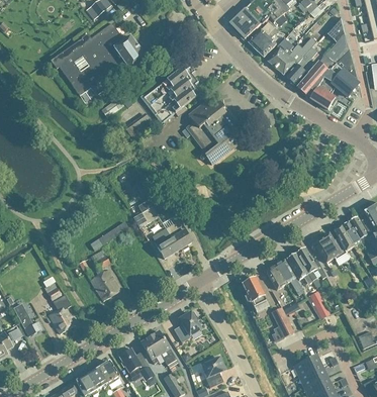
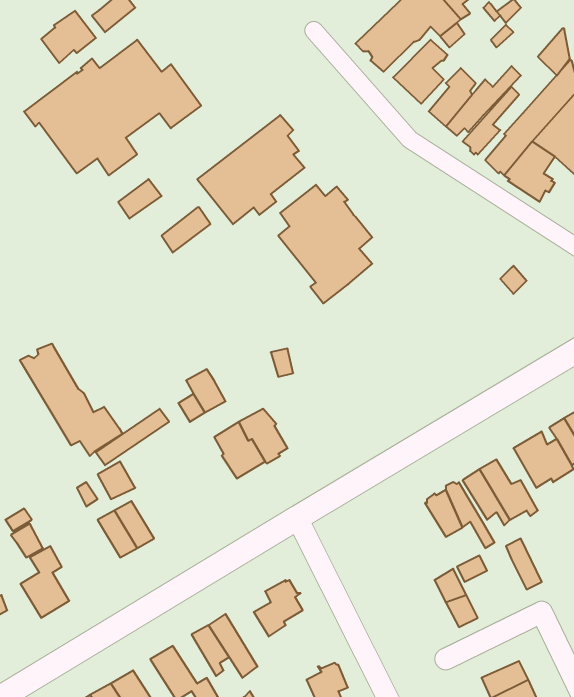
building: none -> [41,11,96,63]
building: none -> [20,344,123,456]
building: [243,277,266,306] -> none

